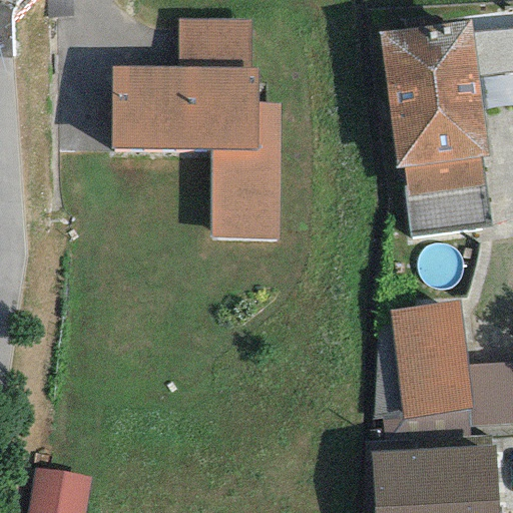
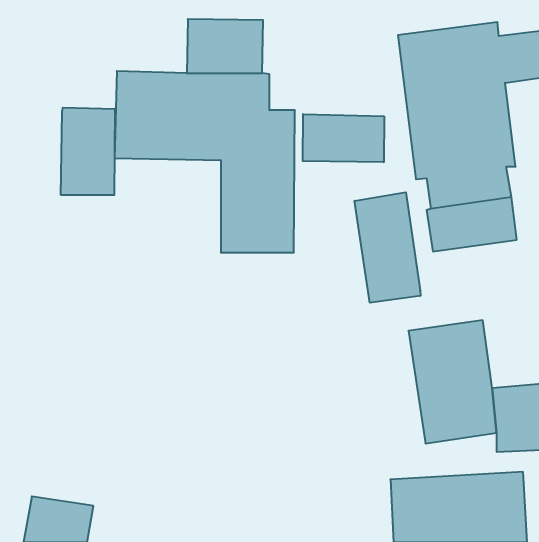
building: none -> [61,108,115,195]
building: none -> [303,114,384,162]
building: none -> [355,192,420,303]

